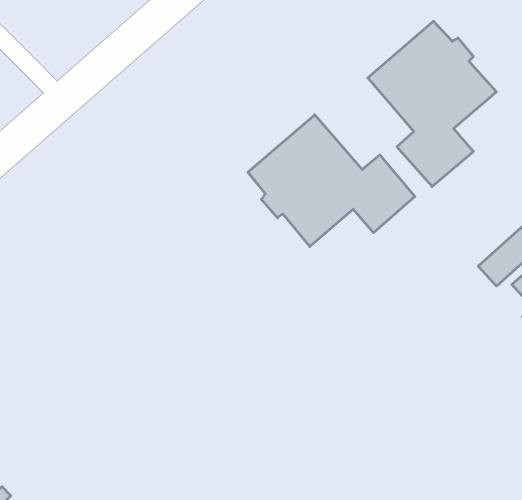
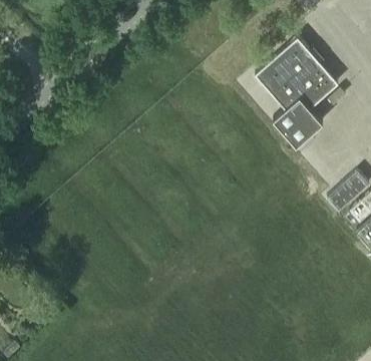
building: [248,115,415,247] -> none

